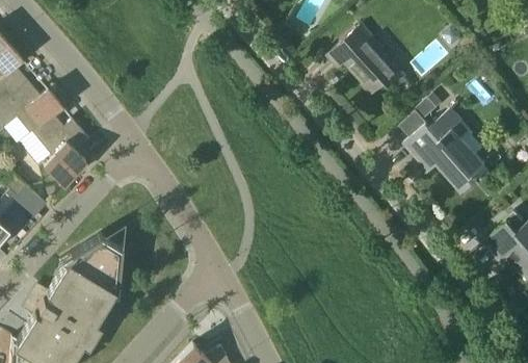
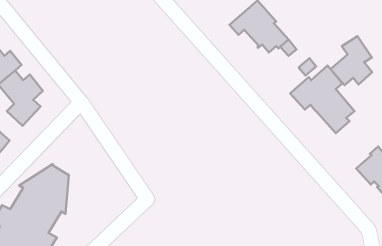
building: none -> [330,36,372,85]

